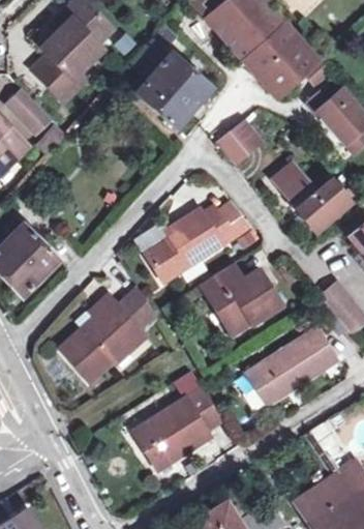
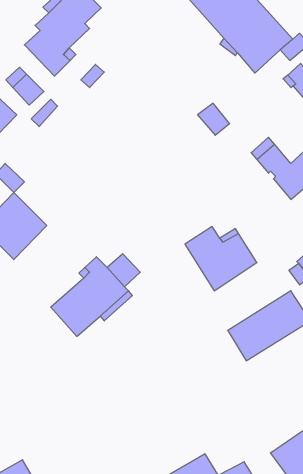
building: [135,29,212,131] -> none
building: [150,202,237,277] -> none
building: [138,388,224,468] -> none

